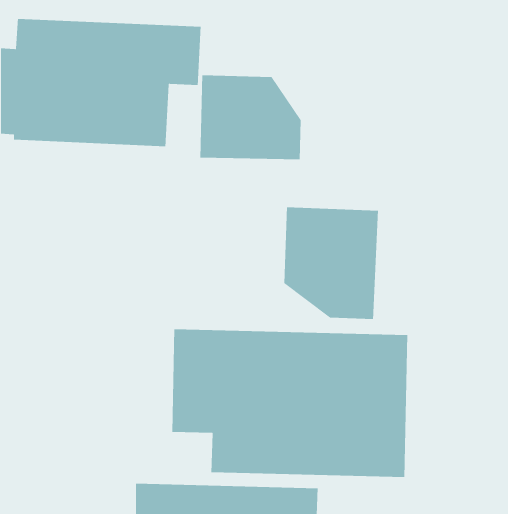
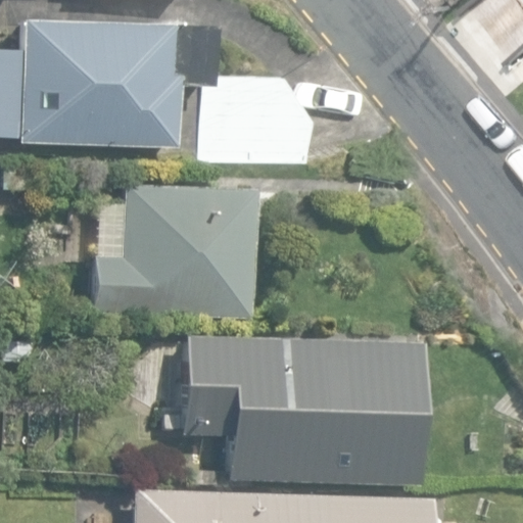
building: none -> [94,184,258,320]
building: [283,207,379,320] -> none

